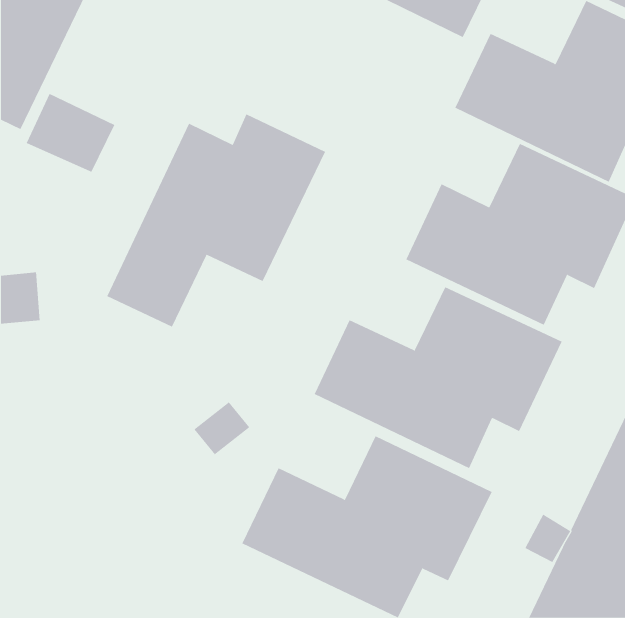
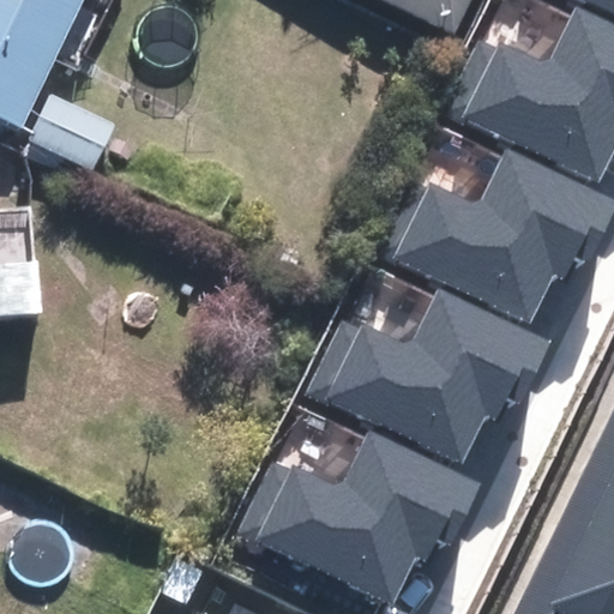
building: [107,114,326,328] -> none

